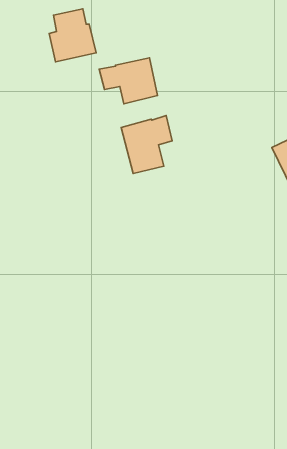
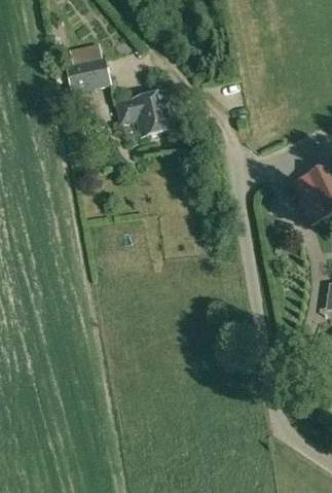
building: [121,116,172,173] -> none

